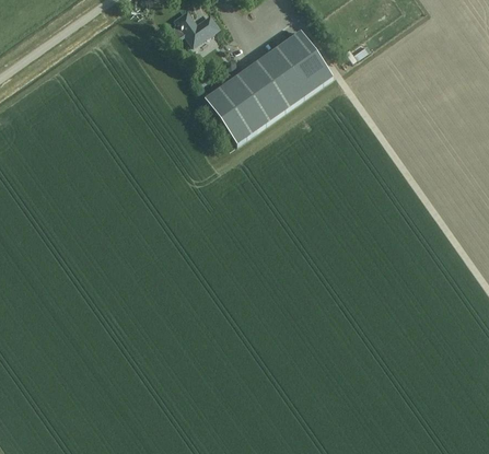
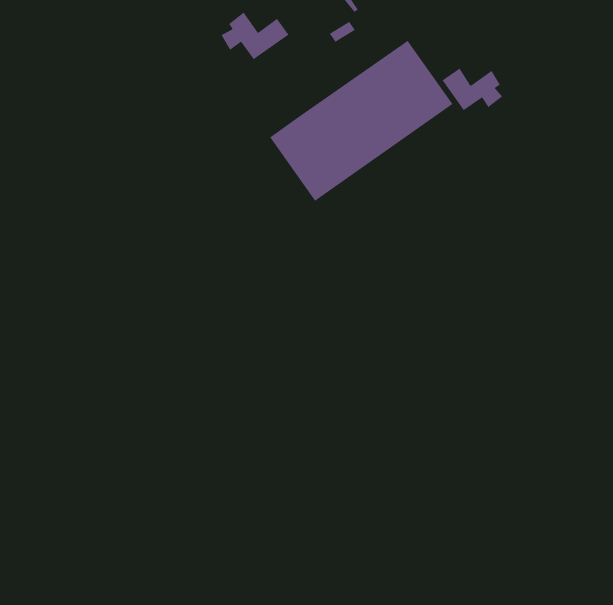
building: none -> [442,68,503,111]

